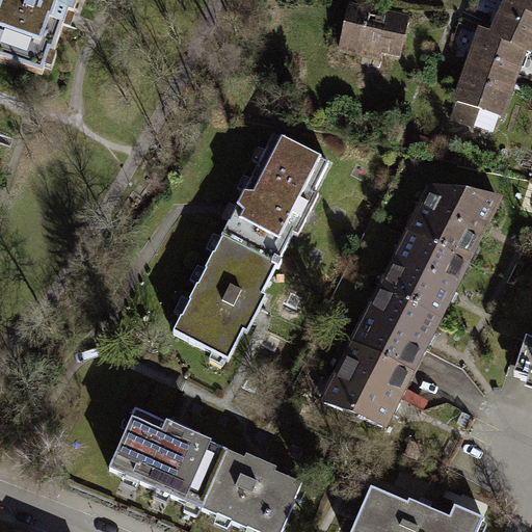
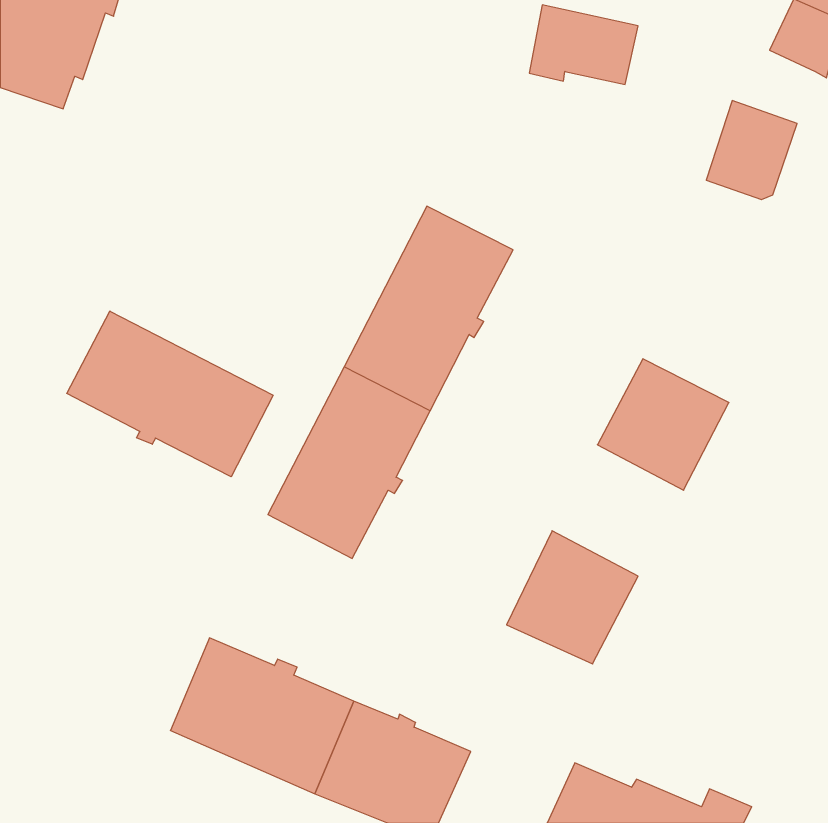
building: [470,28,523,79] -> none
building: [413,186,497,258] -> none
building: none -> [67,311,273,477]
building: [354,285,438,369] -> none

